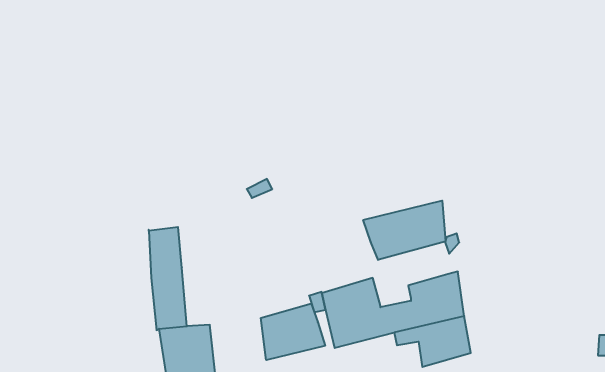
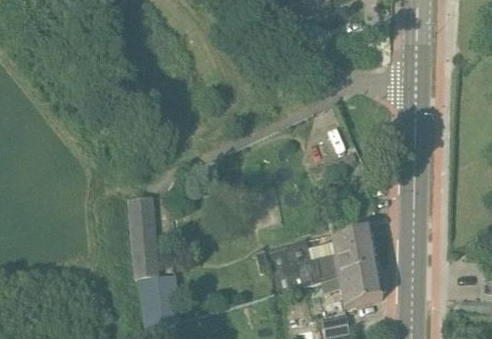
building: [363,201,445,260] -> none
building: [261,303,325,360] -> none

